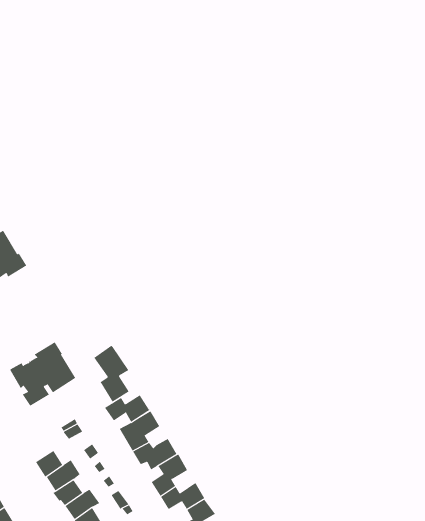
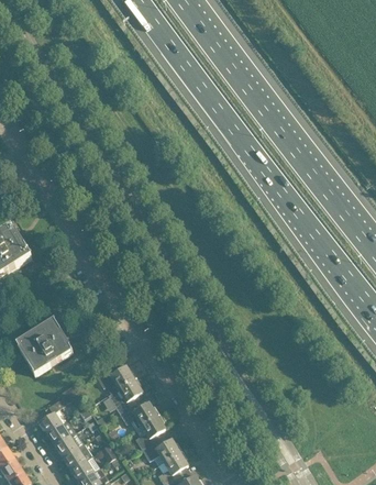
building: [94,345,129,403] -> none

